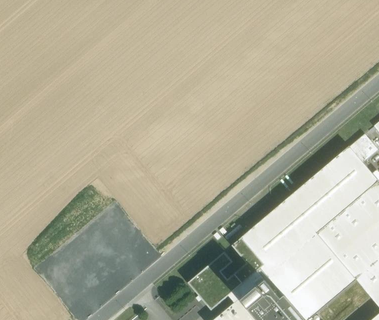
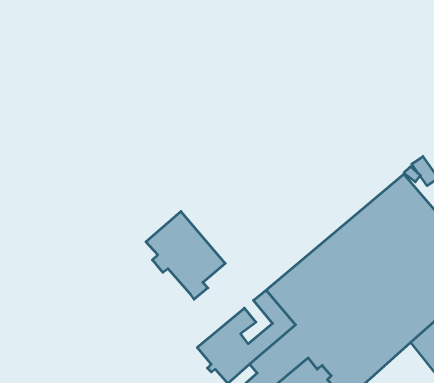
building: none -> [146,211,225,299]

